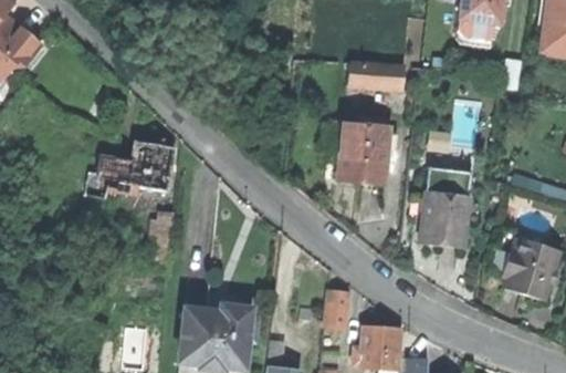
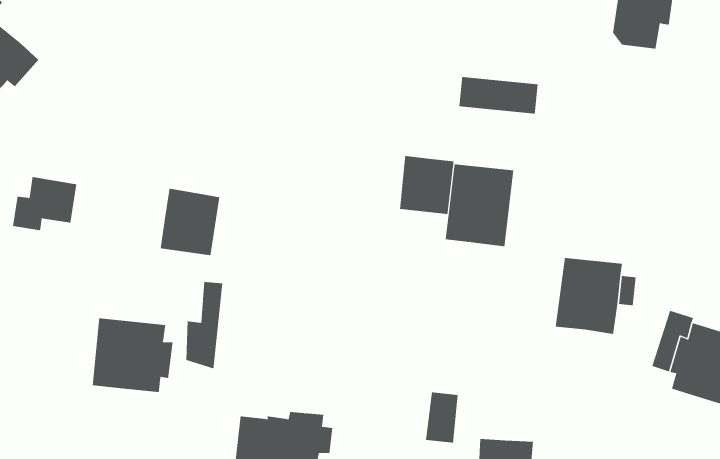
building: none -> [399,155,454,215]
building: [84,157,132,197] -> [12,176,77,231]
building: [424,166,471,196] -> none
building: none -> [92,318,173,393]

